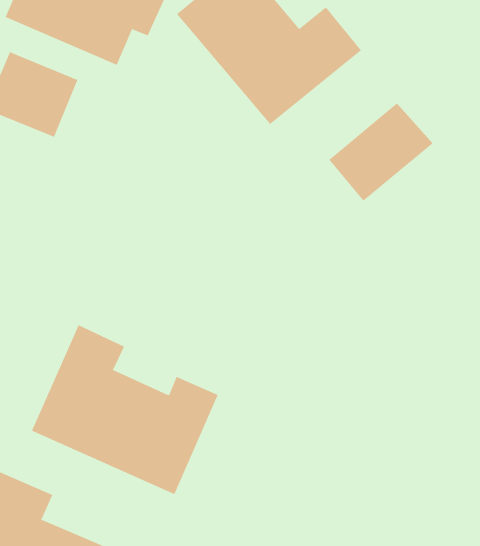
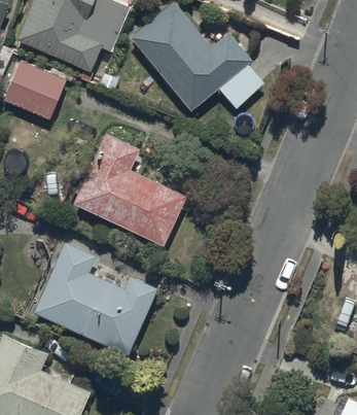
building: [329,102,433,201] -> none
building: none -> [73,134,186,245]

